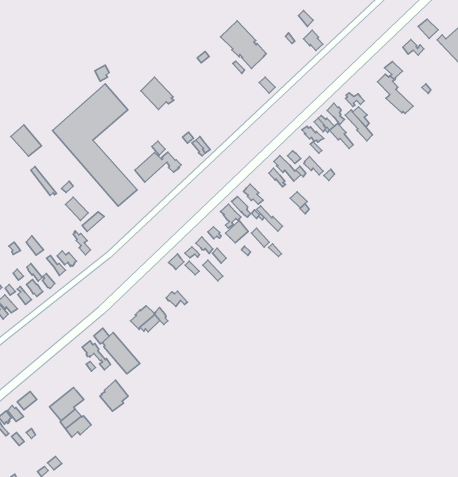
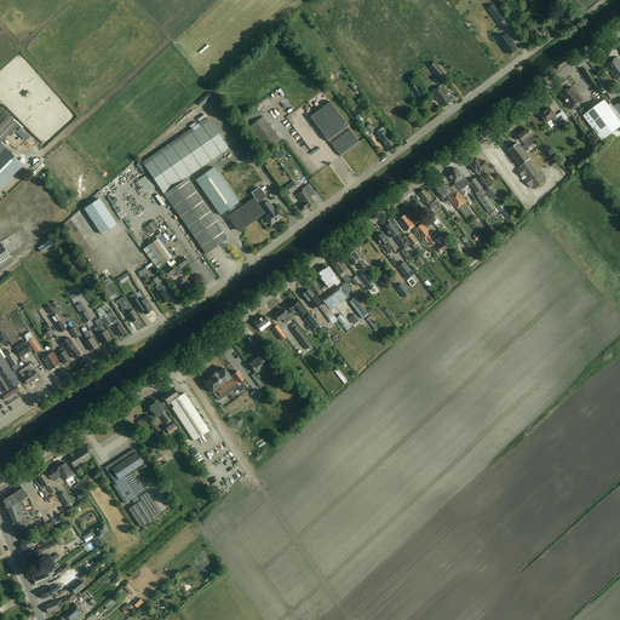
building: [220,21,266,68] -> [310,101,358,155]
building: [11,125,42,156] -> [84,197,116,232]
building: none -> [196,166,239,214]
building: [100,380,128,411] -> [128,492,160,526]

